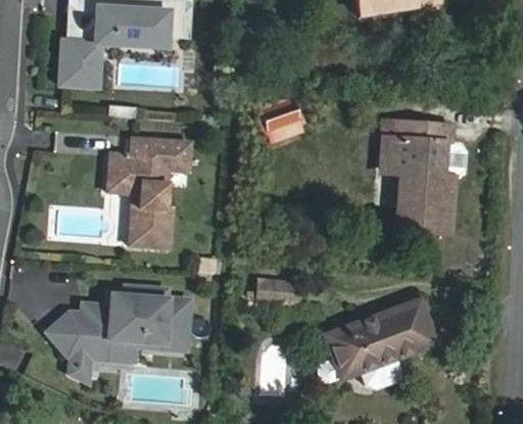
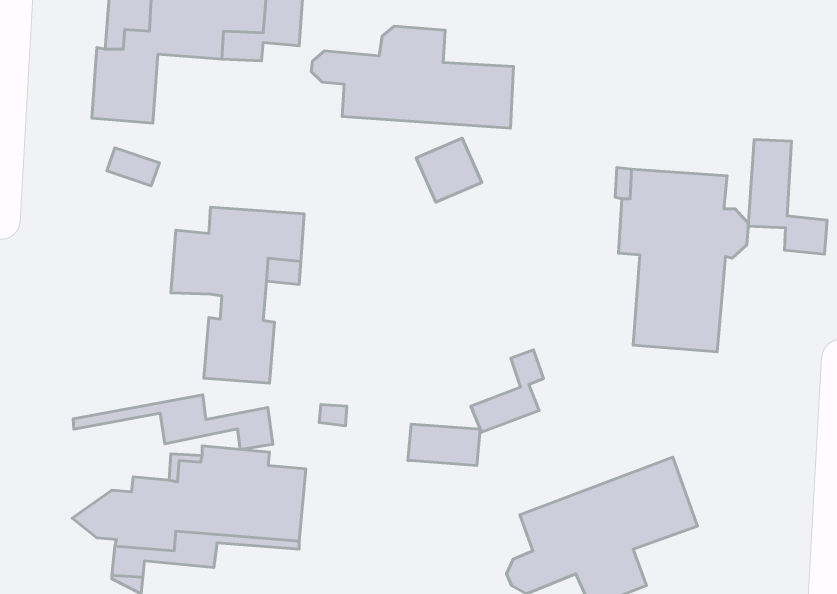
building: none -> [311,26,513,128]
building: none -> [748,140,827,254]
building: none -> [471,350,543,432]
building: none -> [73,395,273,449]

